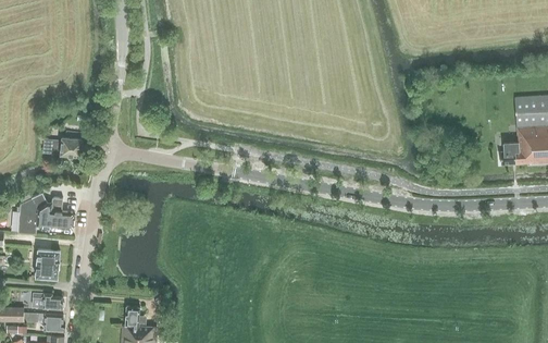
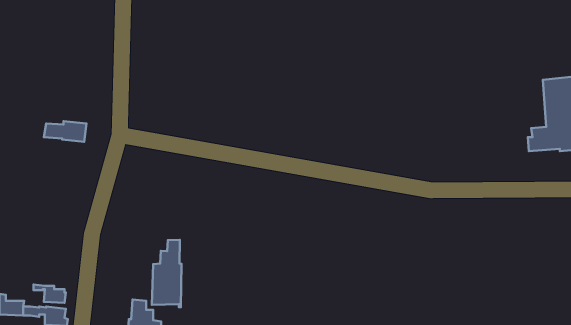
building: [17,192,75,234] -> none
building: [35,248,60,279] -> none
building: none -> [152,240,182,307]

